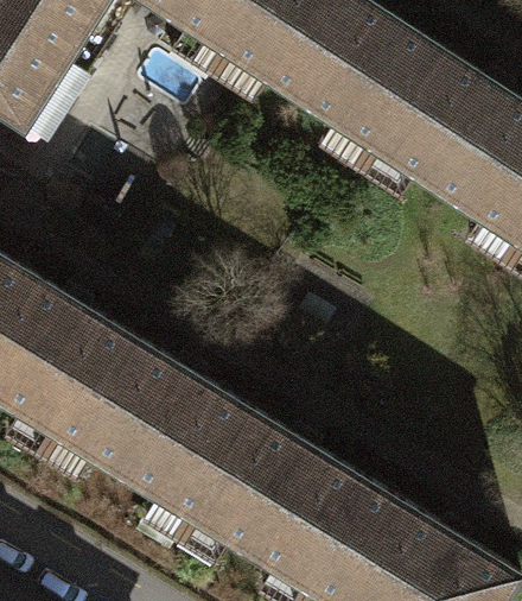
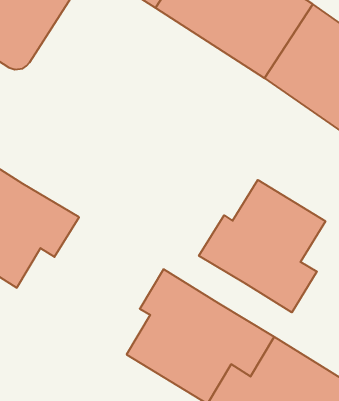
building: none -> [199,180,325,312]
building: [37,330,235,515] -> none

